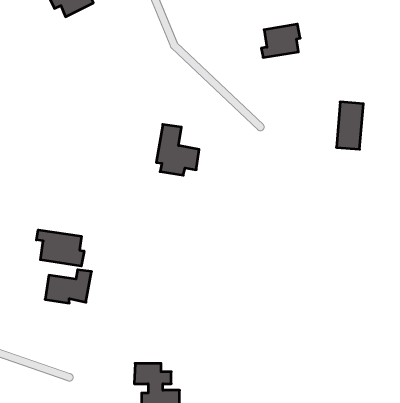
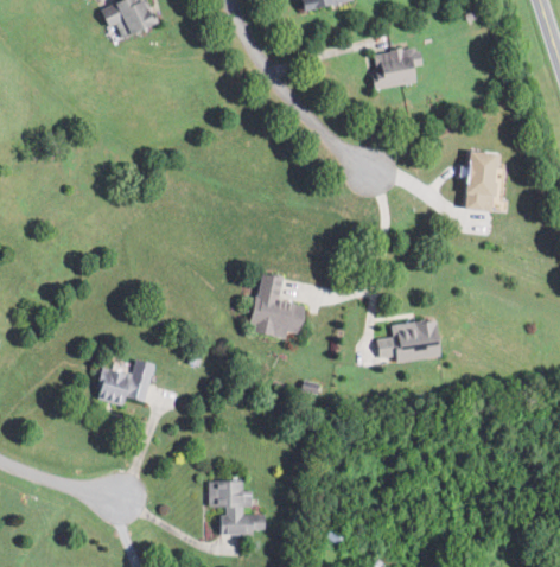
building: [156,124,199,175] -> [250,273,305,338]
building: [36,230,84,266] -> none
building: none -> [376,318,443,363]

